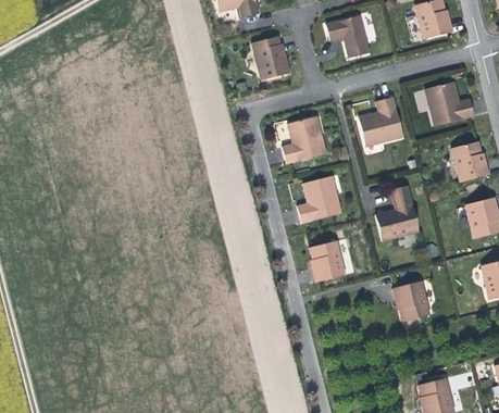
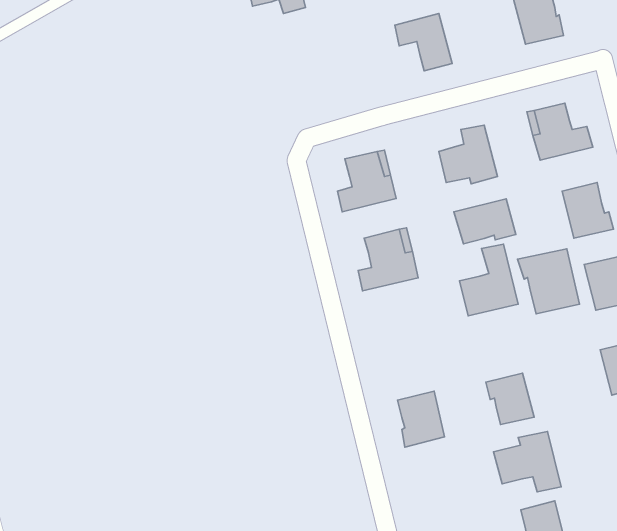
building: [250,36,291,80] -> none
building: none -> [454,199,516,244]
building: none -> [518,249,579,314]
building: [309,240,344,281] -> [397,391,444,447]
building: none -> [494,431,561,492]

